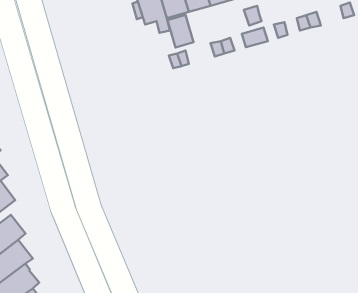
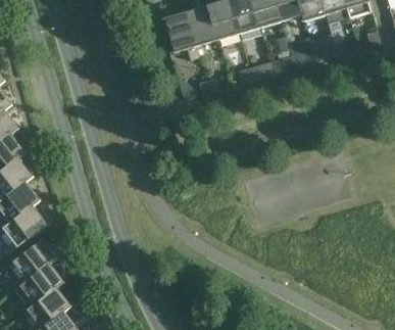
building: [167,15,194,47] -> none

